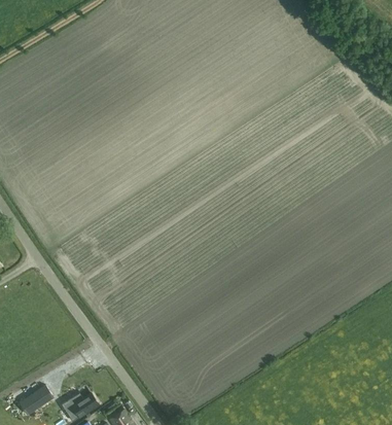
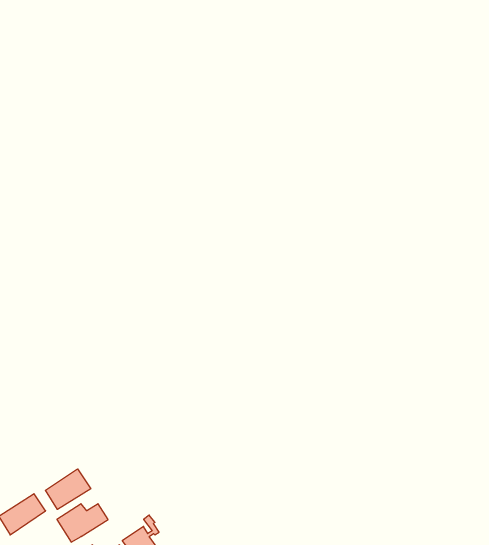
building: none -> [45,469,91,509]

